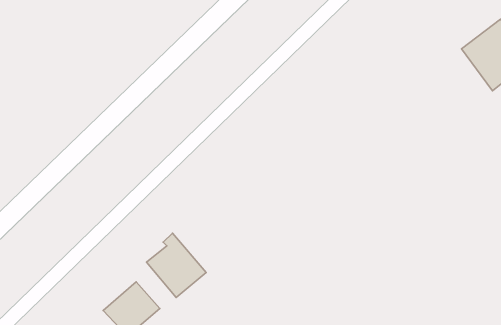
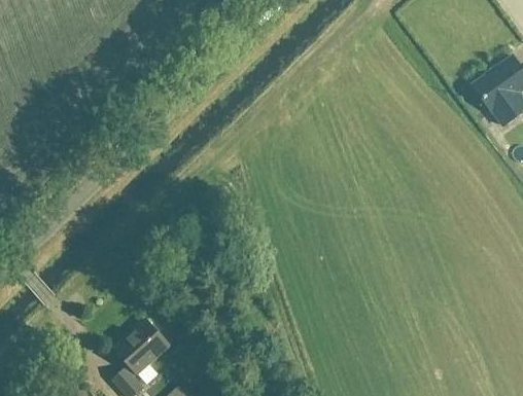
building: [146,233,206,297] -> none

